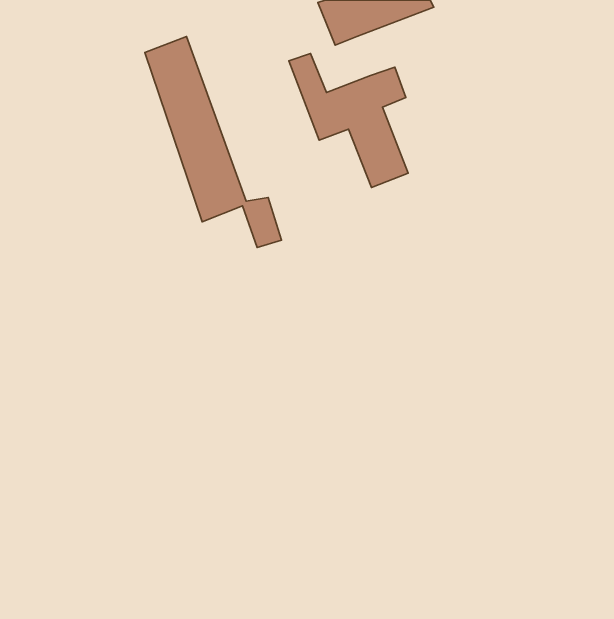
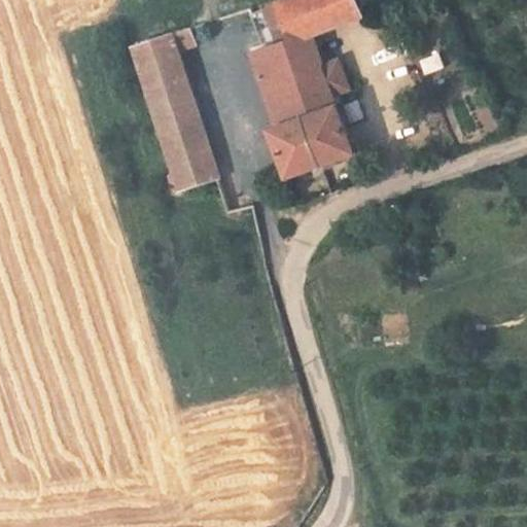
building: none -> [270,34,320,81]
building: none -> [269,112,321,175]

